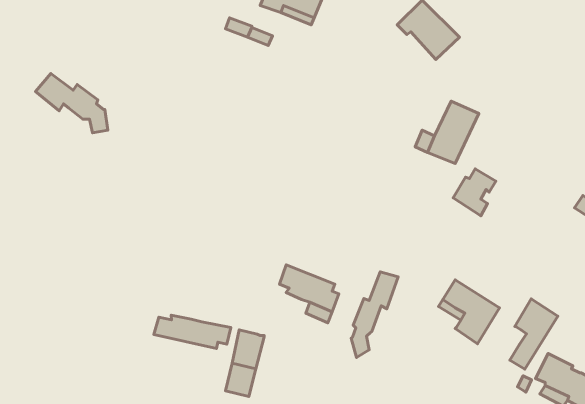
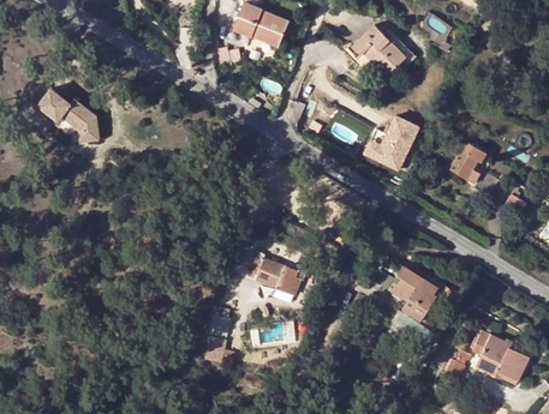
building: [453,169,496,216] -> [448,143,485,184]
building: [351,272,398,358] -> none
building: [510,299,558,369] -> none
building: [154,315,231,349] -> none

